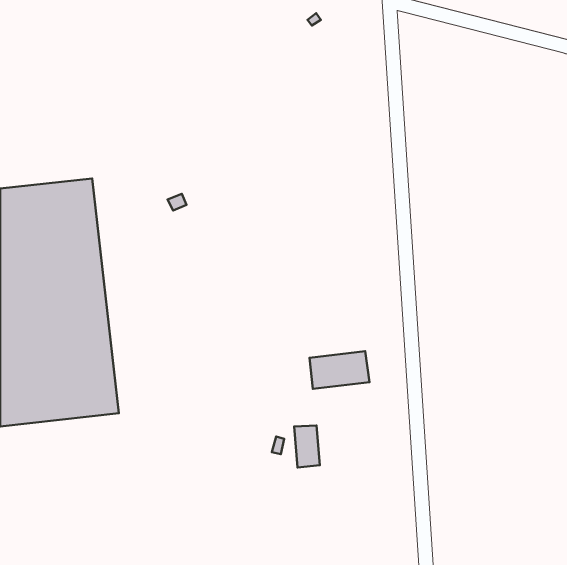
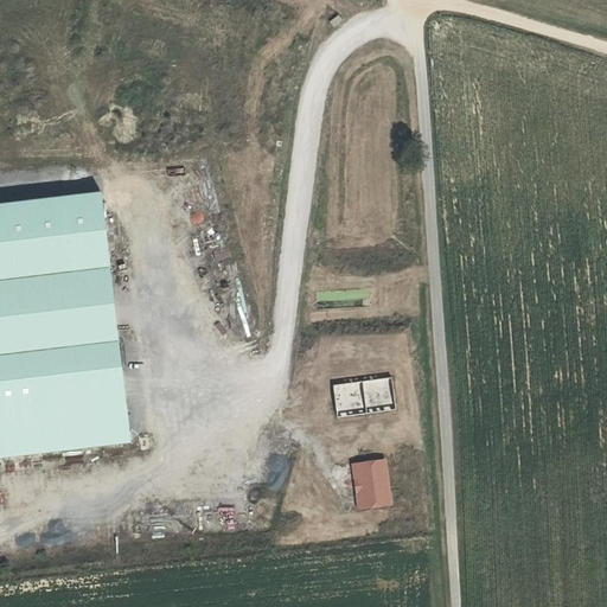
building: [294,425,320,468] -> [359,460,386,505]

